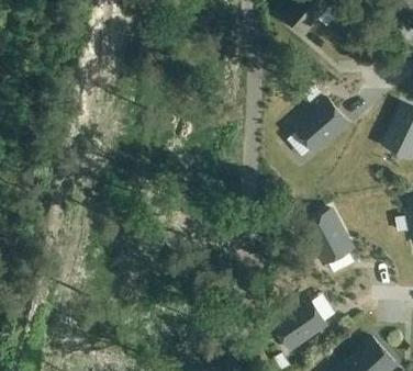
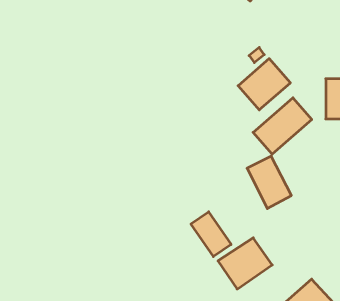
building: none -> [253,98,312,154]
building: none -> [191,212,231,257]

